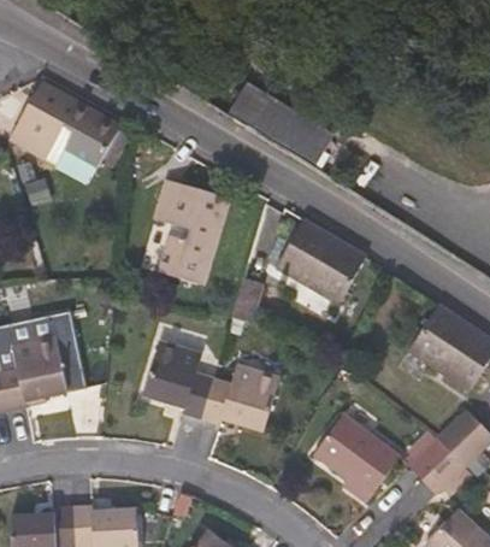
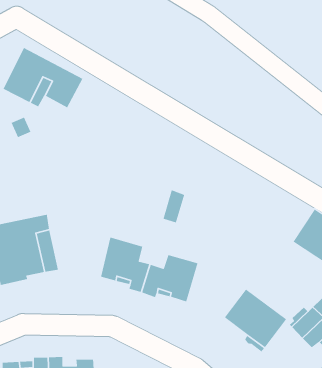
building: [224,86,332,163] -> none
building: [154,180,229,286] -> none
building: [276,219,366,305] -> none

